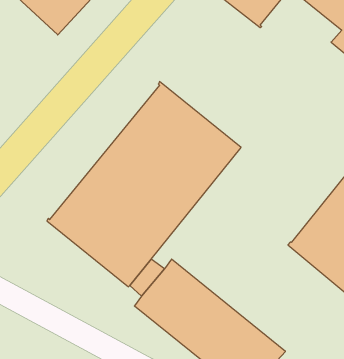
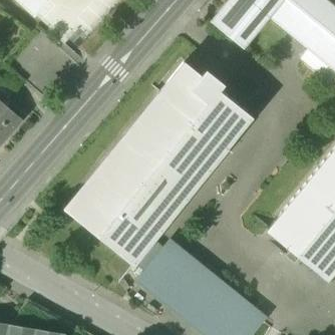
building: none -> [160,61,254,147]

